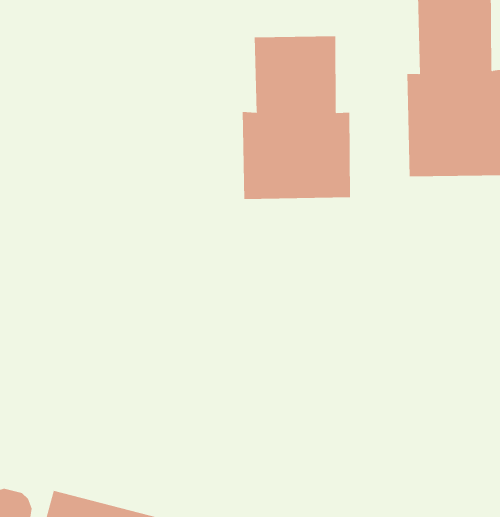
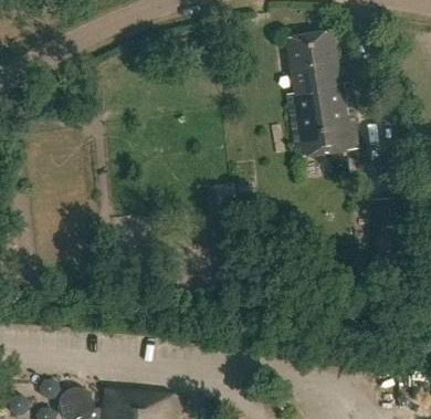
building: [242,35,351,200] -> none

